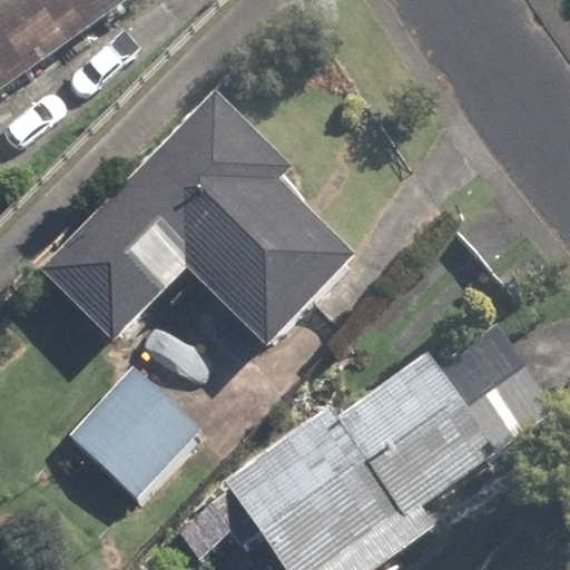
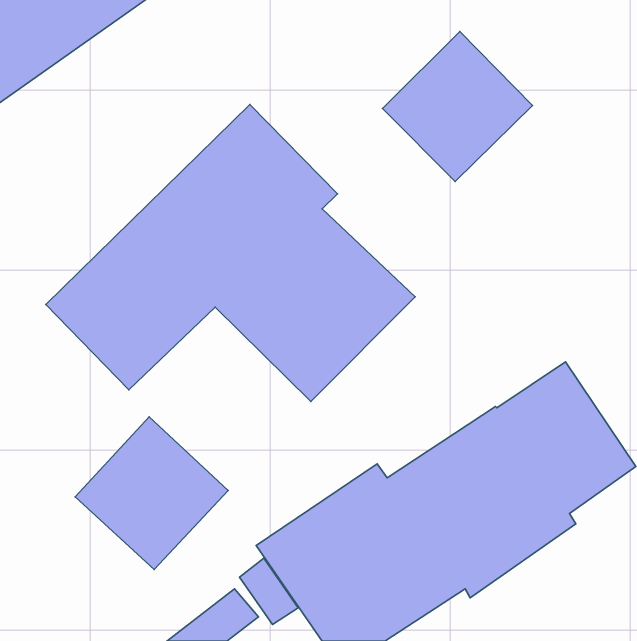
building: none -> [382,31,533,181]

